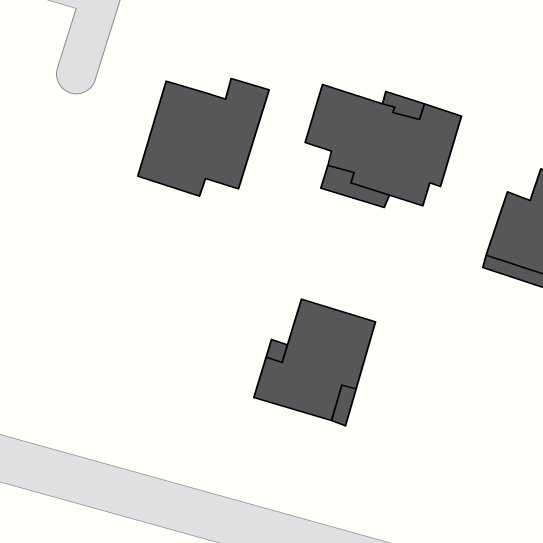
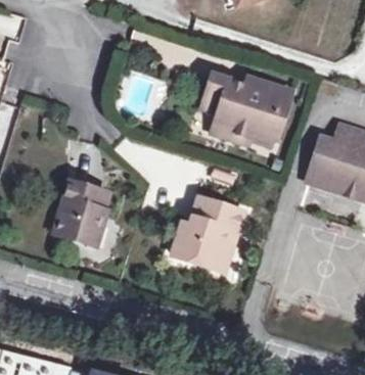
building: [138,78,269,196] -> none
building: none -> [53,183,109,248]

